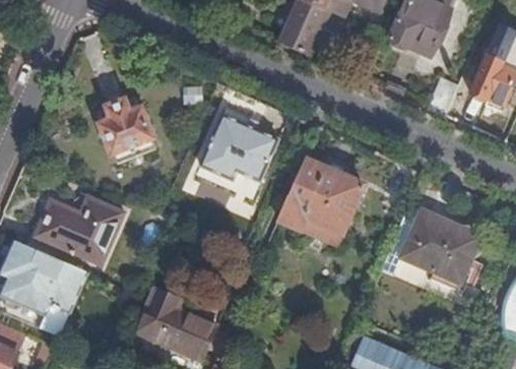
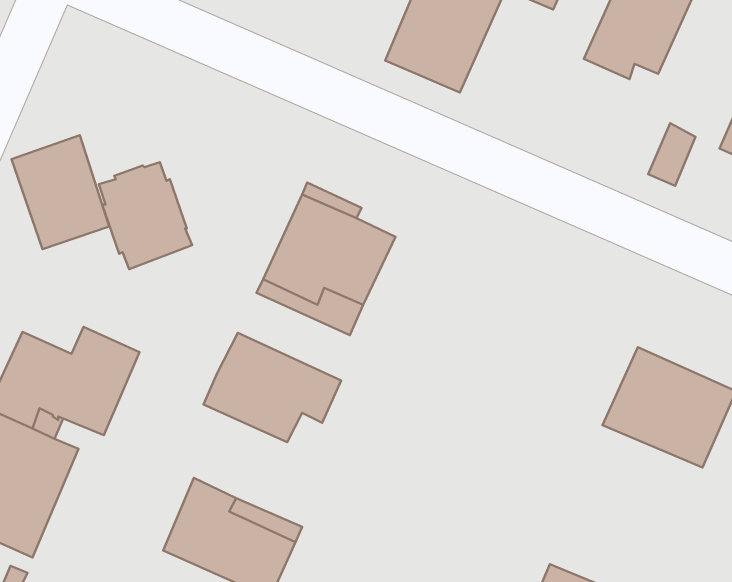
building: none -> [12,135,109,249]
building: [279,159,364,244] -> none
building: none -> [203,333,341,442]

